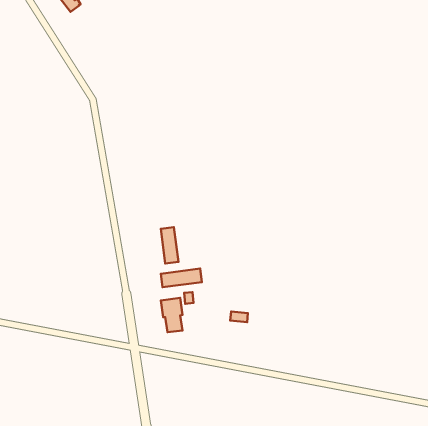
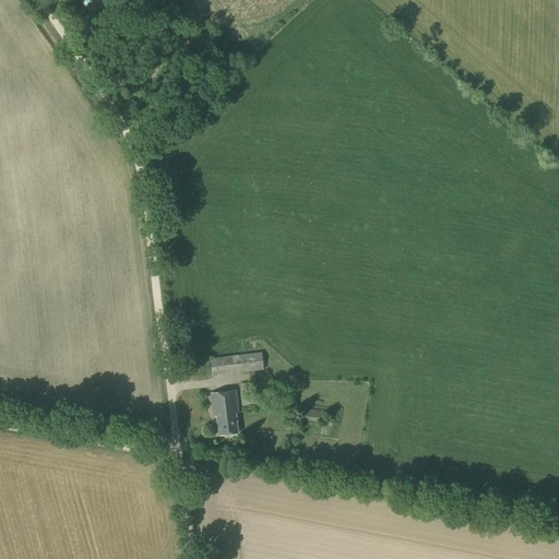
building: [161,227,178,263] -> none

